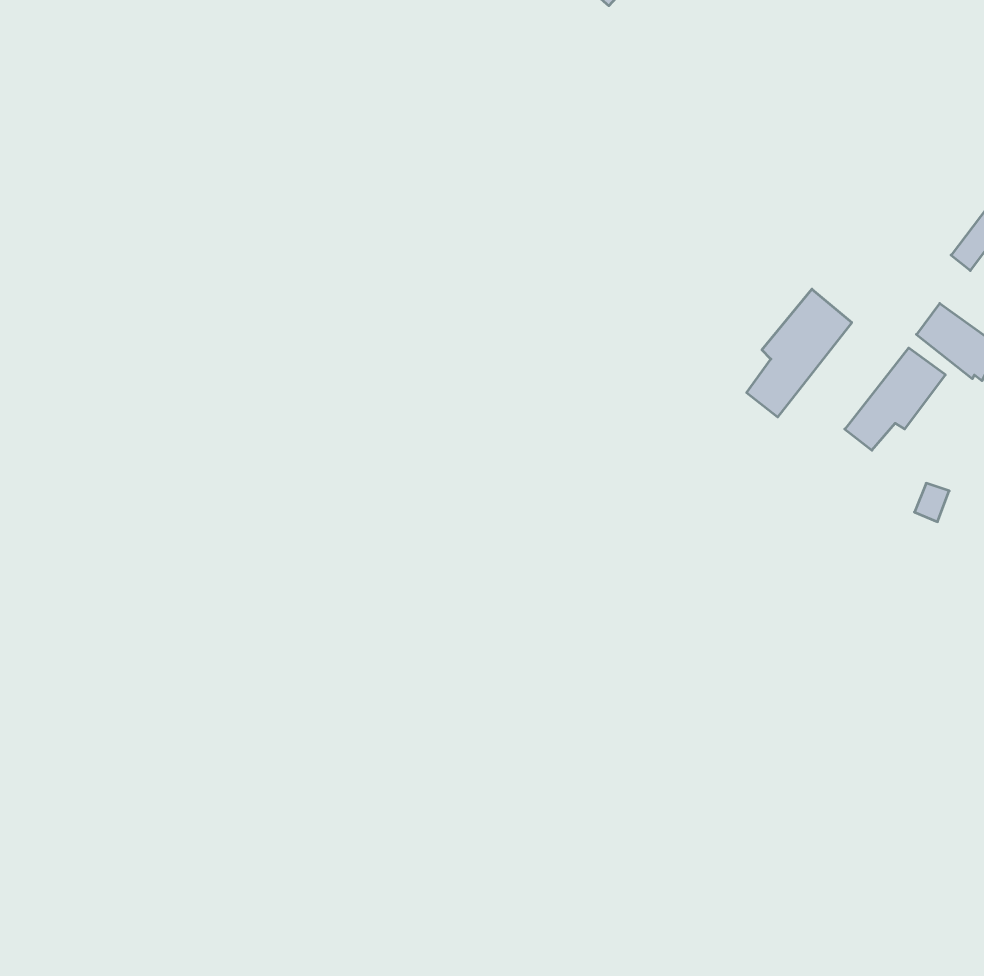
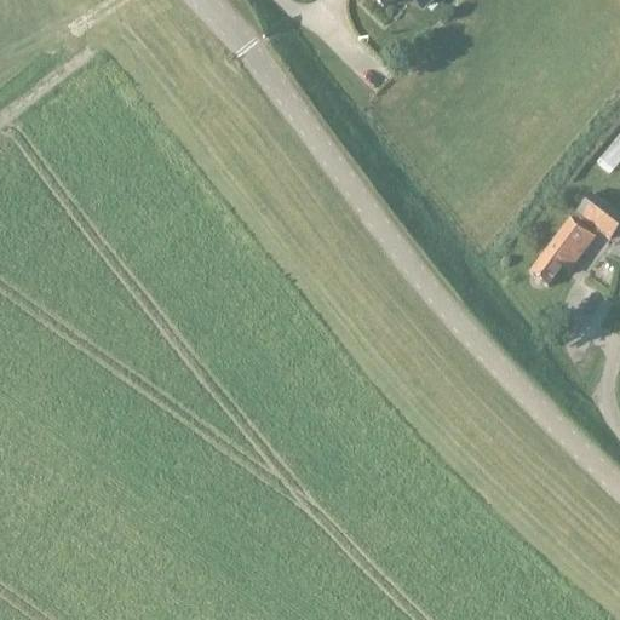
building: [747,289,852,417] -> none

